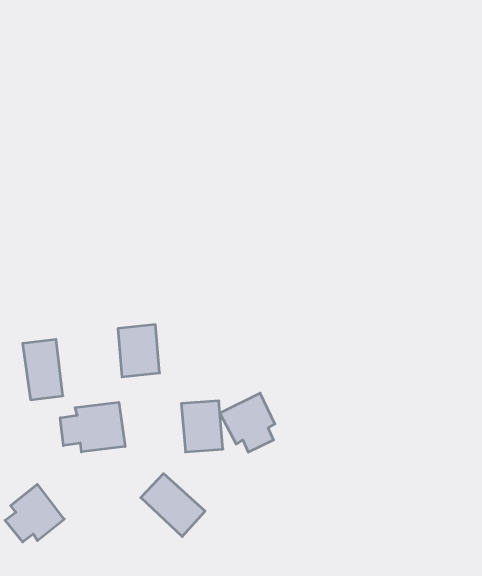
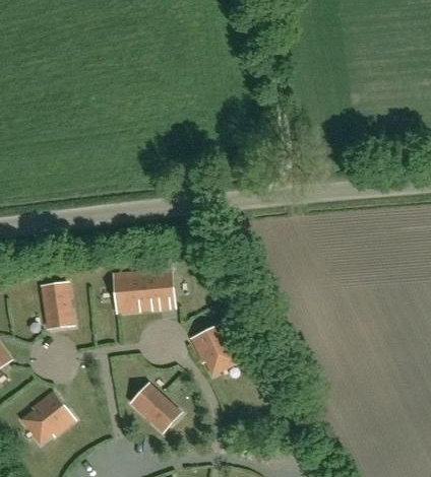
building: [181,401,223,452] -> [142,270,174,309]
building: [60,402,125,452] -> none

